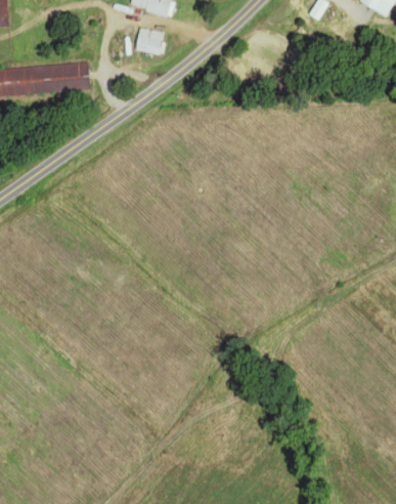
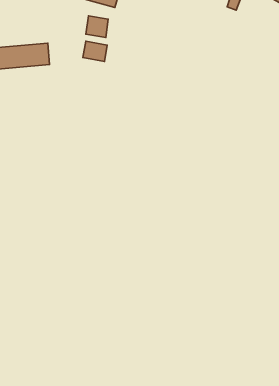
building: none -> [83,41,107,61]

